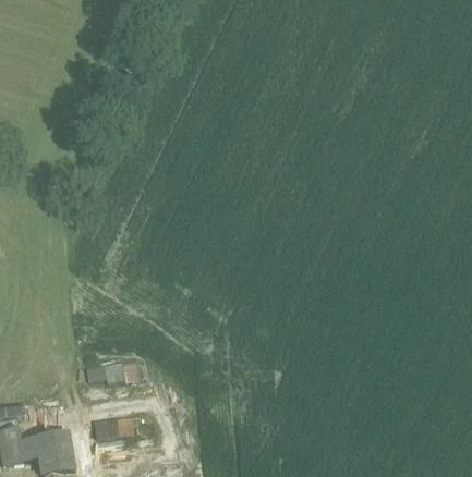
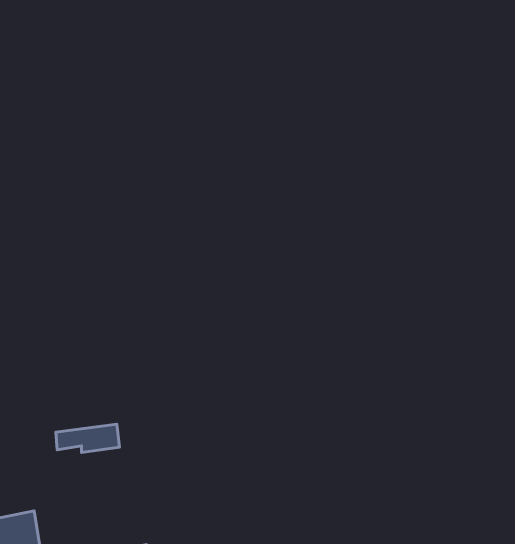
building: [93,415,137,440] -> none

